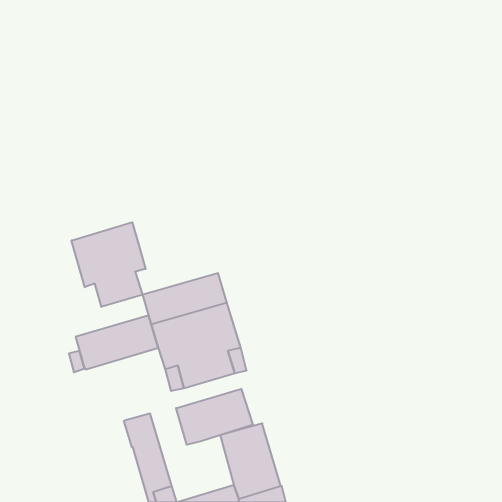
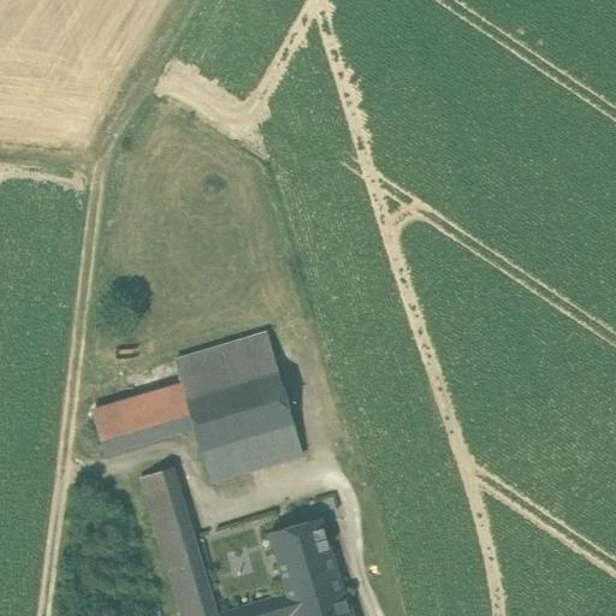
building: [72,222,146,307] -> none
building: none -> [142,468,184,515]
building: [176,389,253,445] -> none

